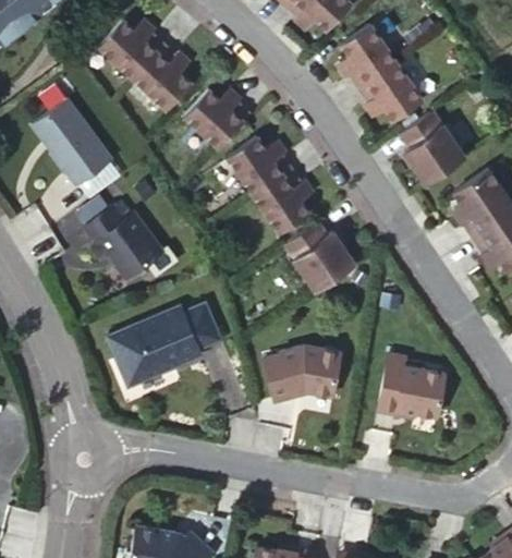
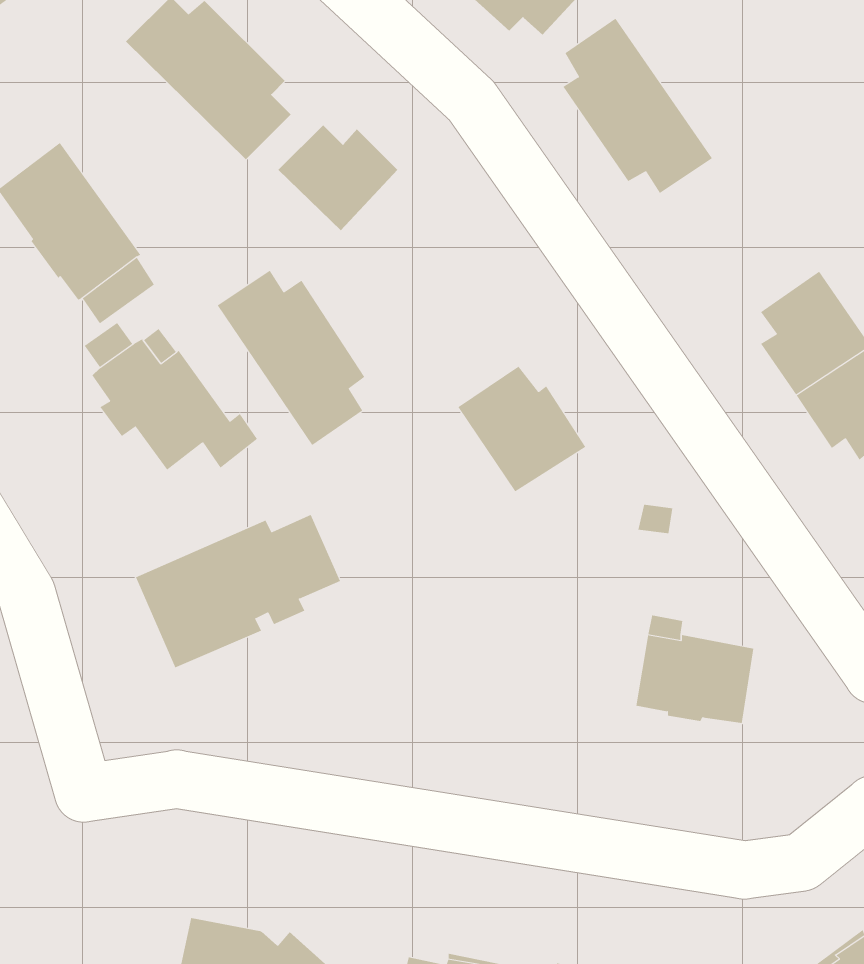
building: [399,113,464,185] -> none
building: [228,135,309,232] -> [217,270,365,446]
building: [265,344,342,398] -> none

